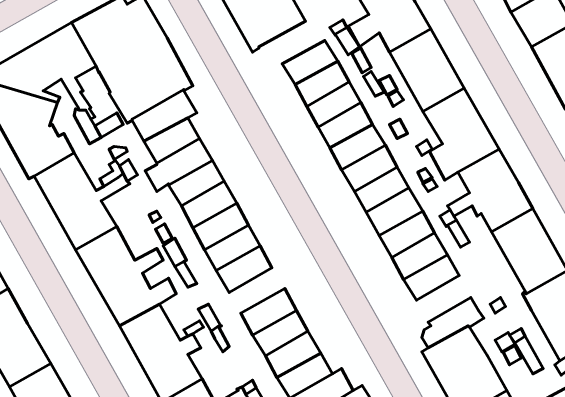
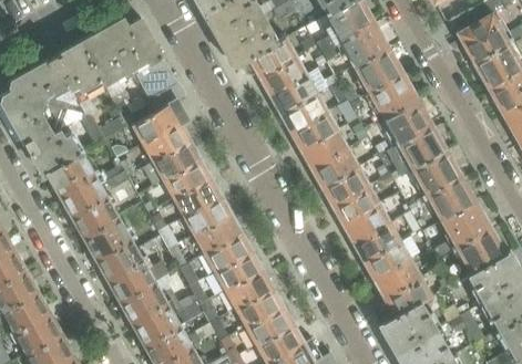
building: none -> [239,38,296,77]
building: none -> [214,252,262,291]
building: none -> [375,259,421,299]

